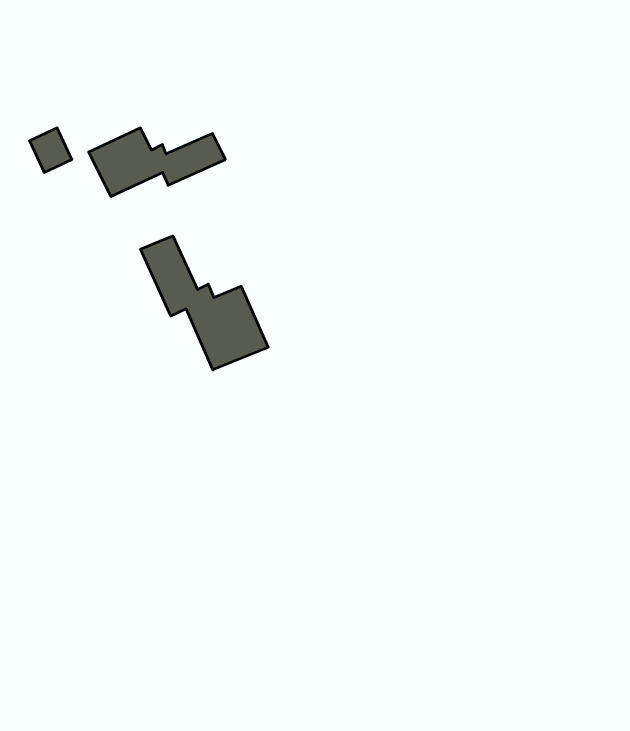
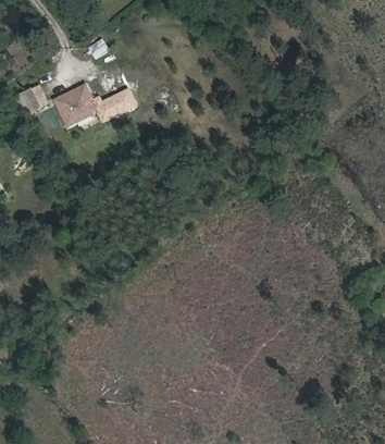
building: [141,236,268,370] -> none

